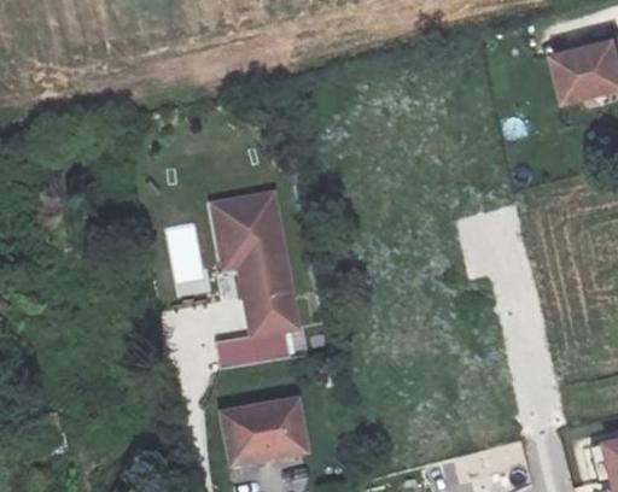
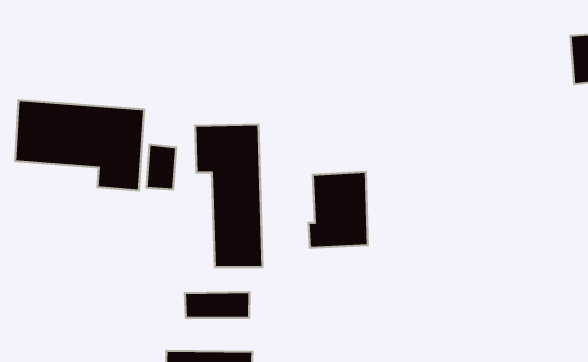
building: none -> [15,100,144,190]
building: none -> [308,172,368,248]

